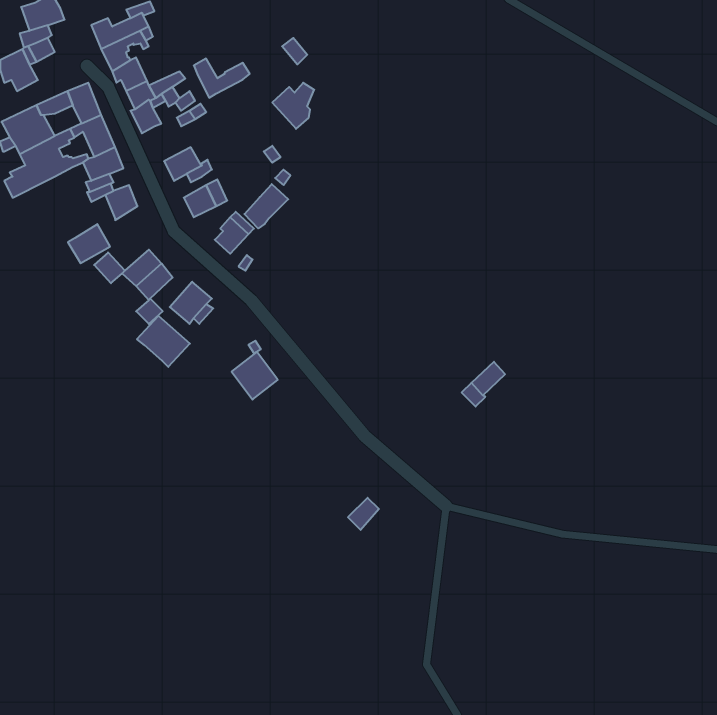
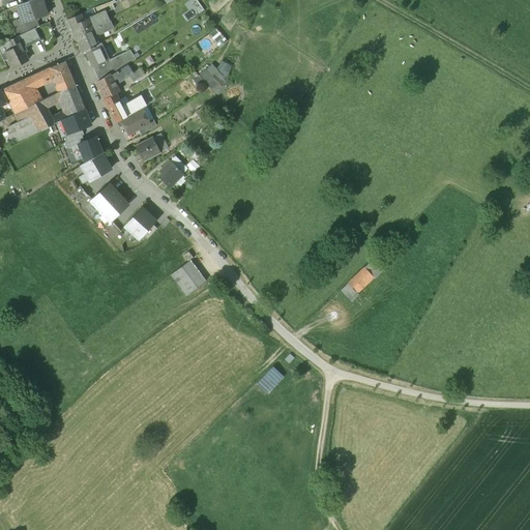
building: [194,59,250,98] -> [105,93,146,122]
building: [244,184,288,228] -> none
building: [68,224,110,263] -> [80,152,111,181]
building: [137,316,190,367] -> none

